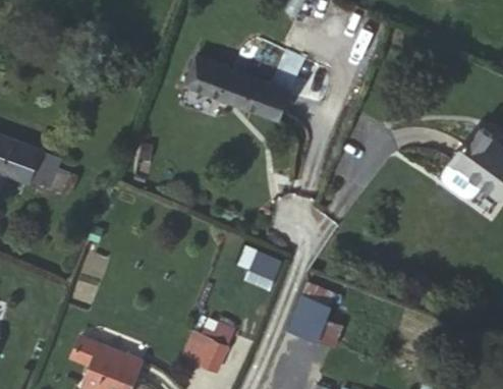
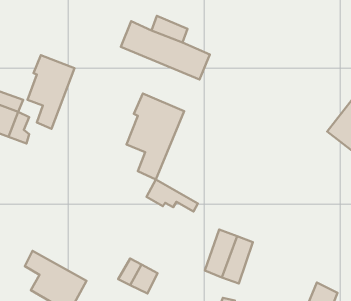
building: none -> [28,55,75,129]
building: none -> [126,94,184,180]

